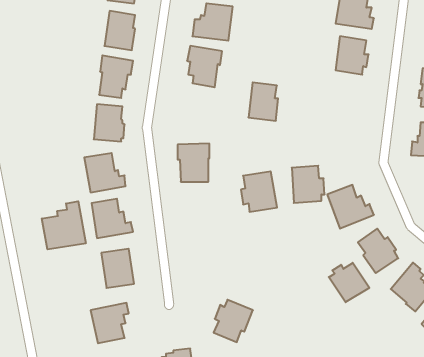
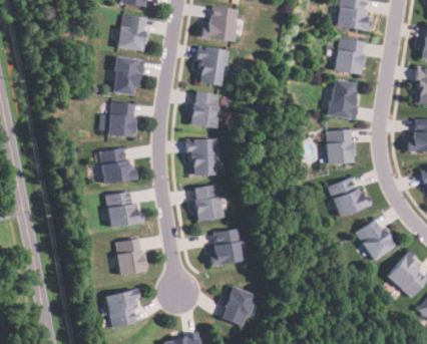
building: none -> [328,78,359,118]
building: [248,82,278,121] -> [191,91,220,127]
building: [292,166,325,203] -> [326,128,357,163]
building: [241,171,277,212] -> [190,184,225,222]
building: [42,201,86,249] -> none
building: none -> [208,228,245,266]
building: [329,263,369,302] -> none

